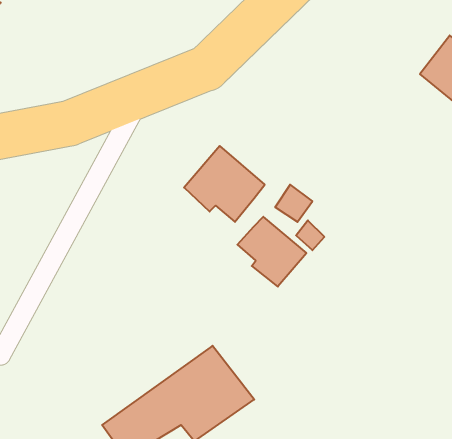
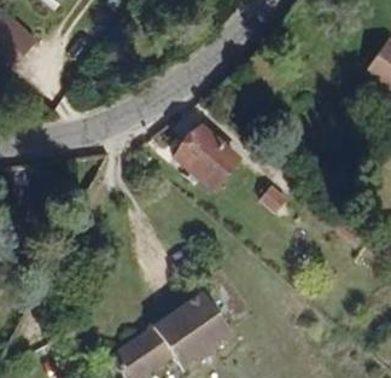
building: [237,217,306,287] -> none

